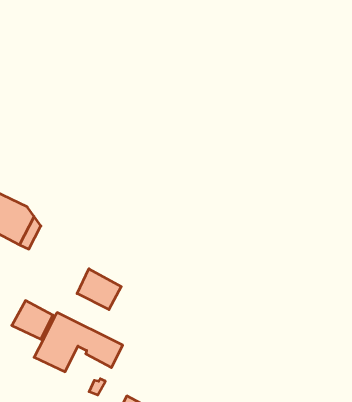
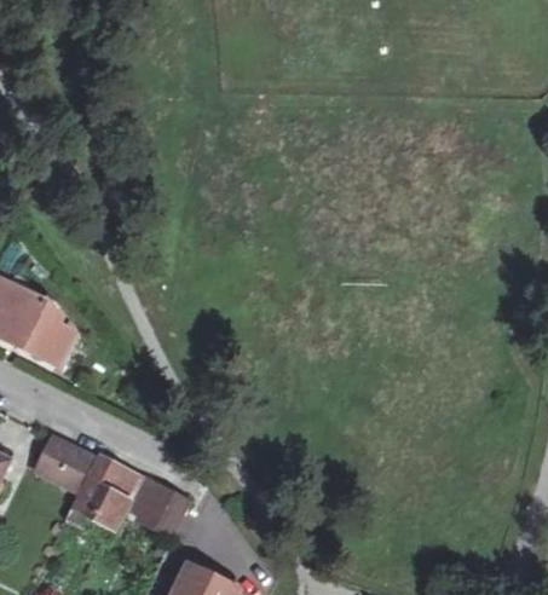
building: [77,269,121,310] -> none

